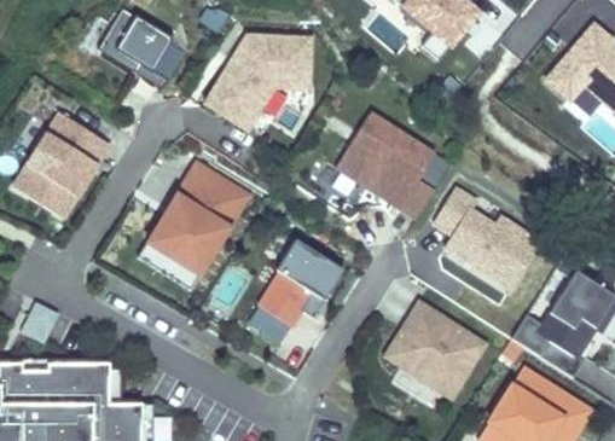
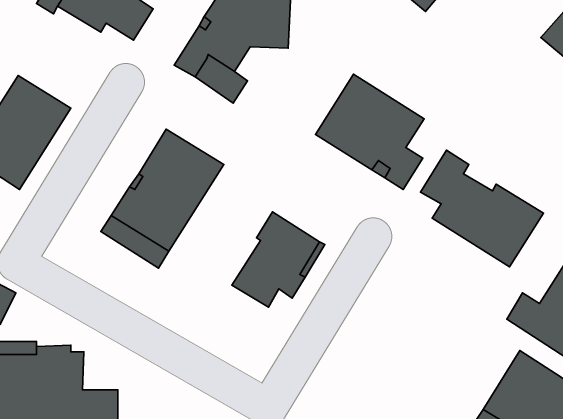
building: [384,302,486,399] -> none

